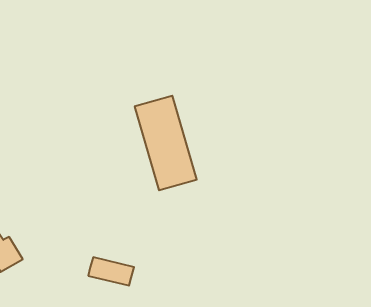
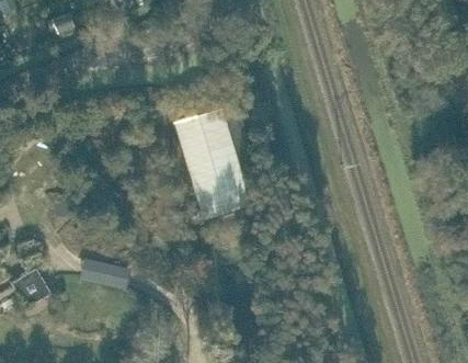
building: [88,257,134,286] -> [79,254,130,286]

